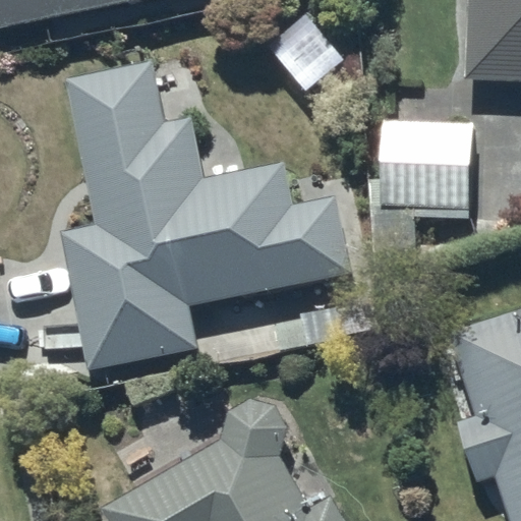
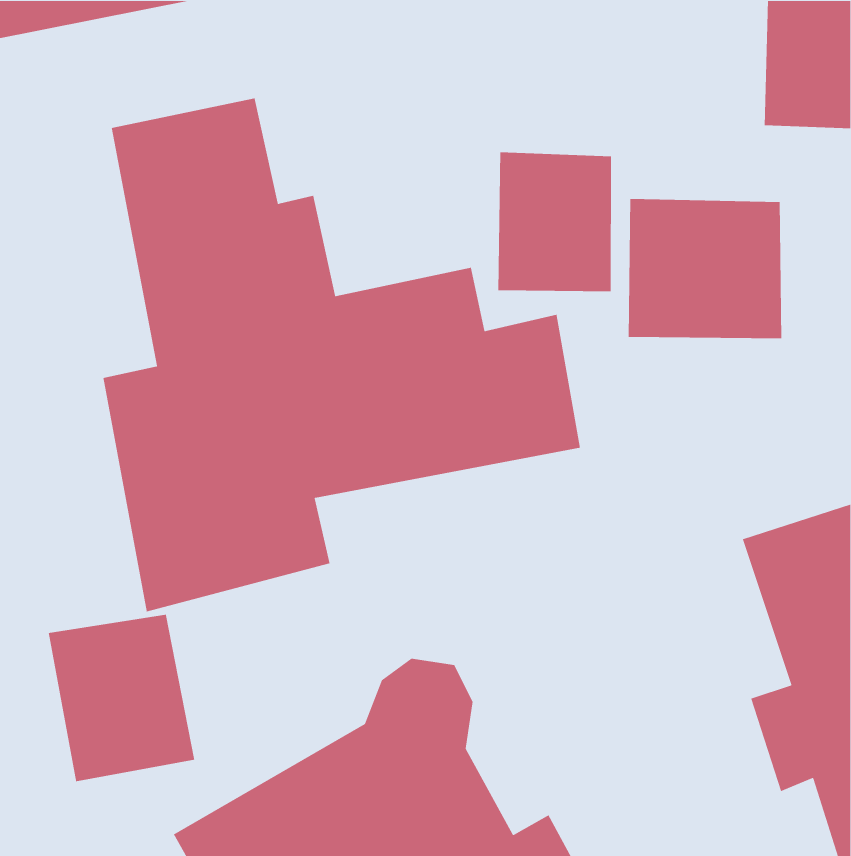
building: none -> [498,152,612,292]
building: none -> [48,614,195,782]

